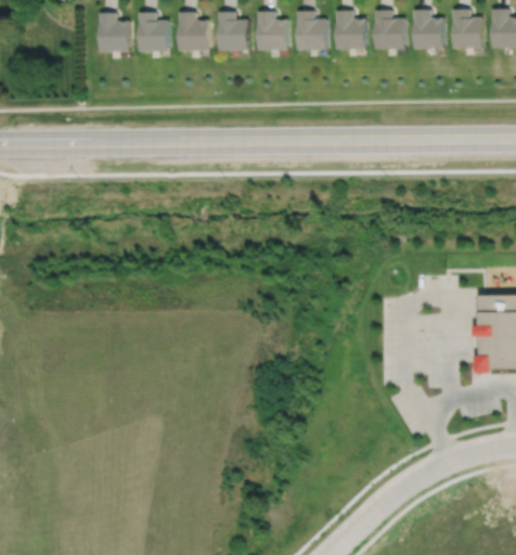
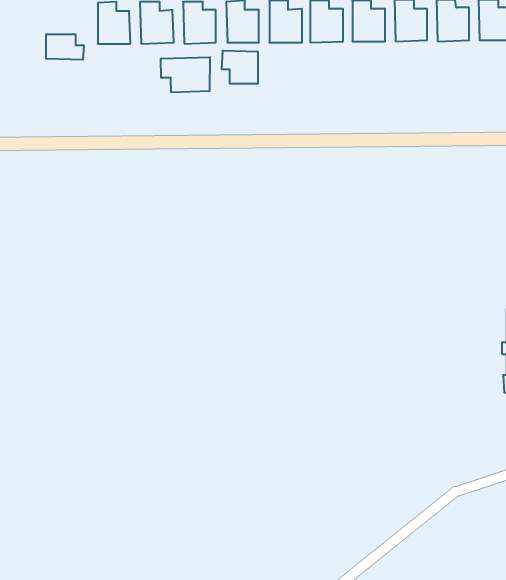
building: none -> [46,34,84,60]
building: none -> [222,50,258,84]
building: none -> [161,57,210,92]

